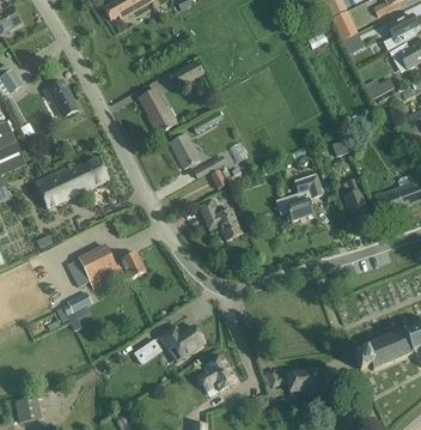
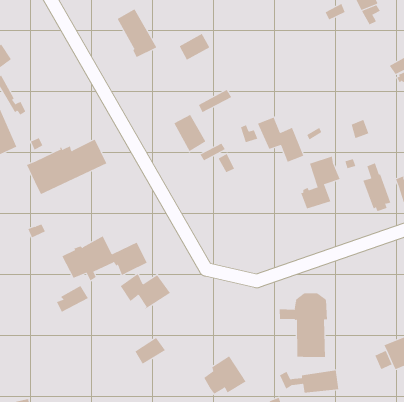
building: [43,80,78,117] -> none
building: [139,89,176,134] -> [117,8,157,58]
building: [199,199,242,241] -> [257,117,304,162]
building: none -> [279,292,328,358]
building: [159,325,206,358] -> [120,273,171,310]

